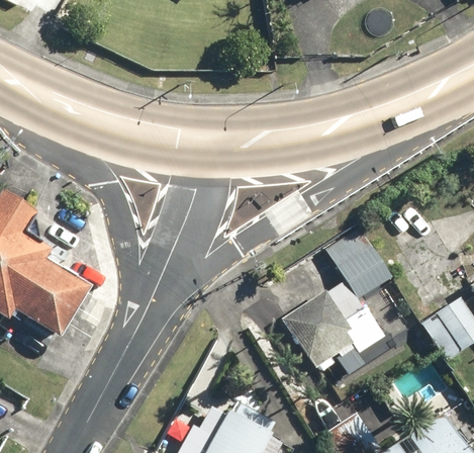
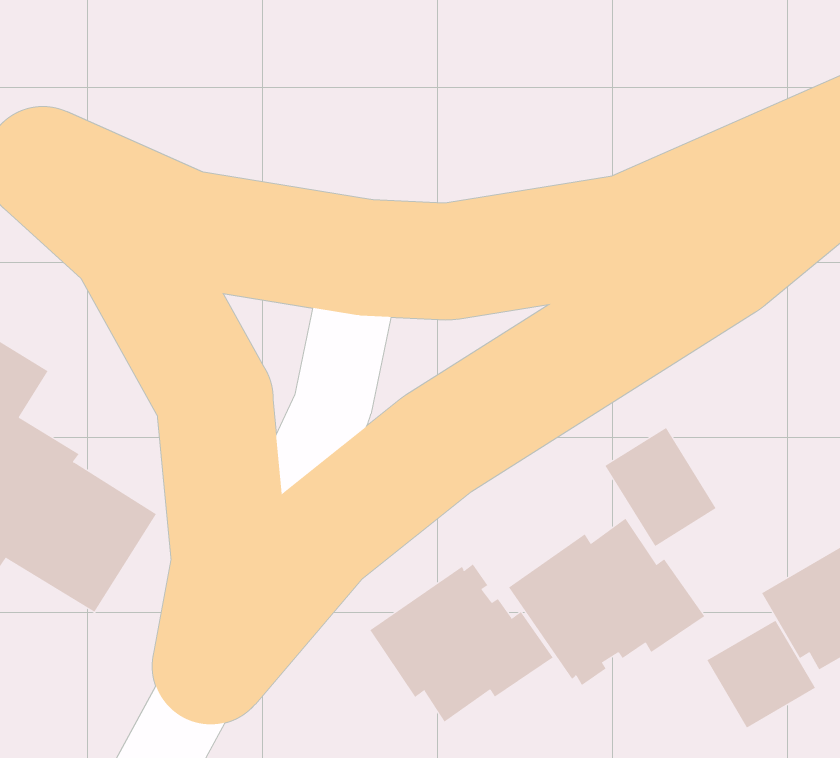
building: none -> [369,563,553,722]
building: none -> [707,620,816,728]

